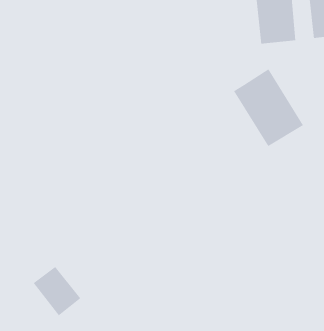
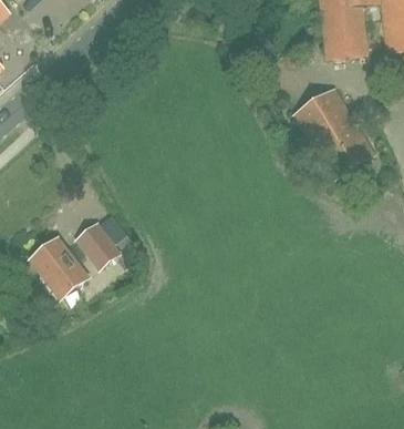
building: none -> [79,224,120,267]
building: [33,266,81,316] -> [32,237,89,296]

